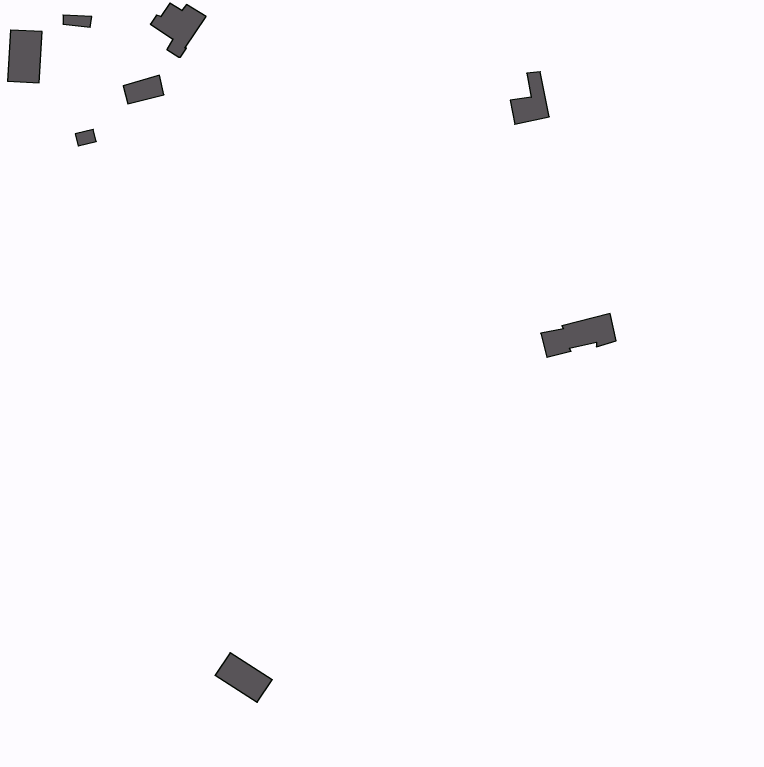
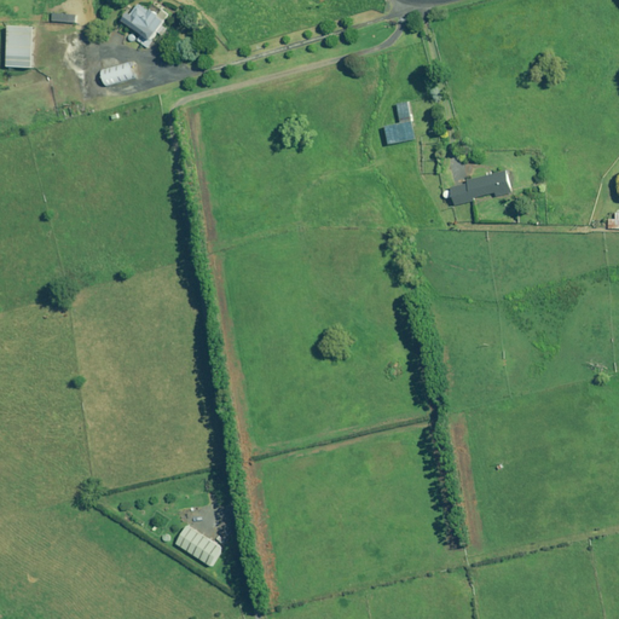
building: [510,72,549,124] -> [382,102,413,144]
building: [541,314,616,357] -> [449,169,509,204]

